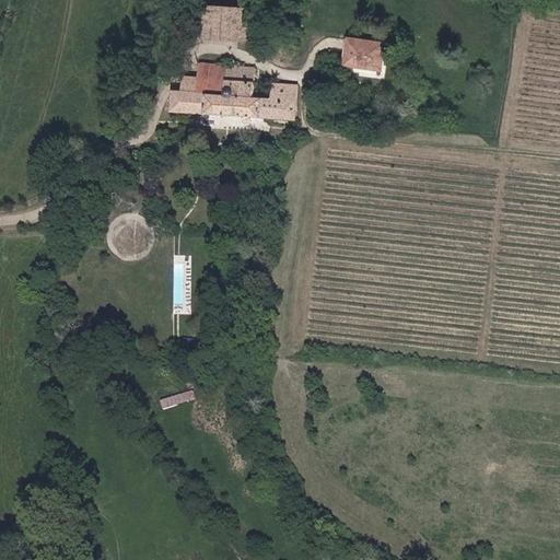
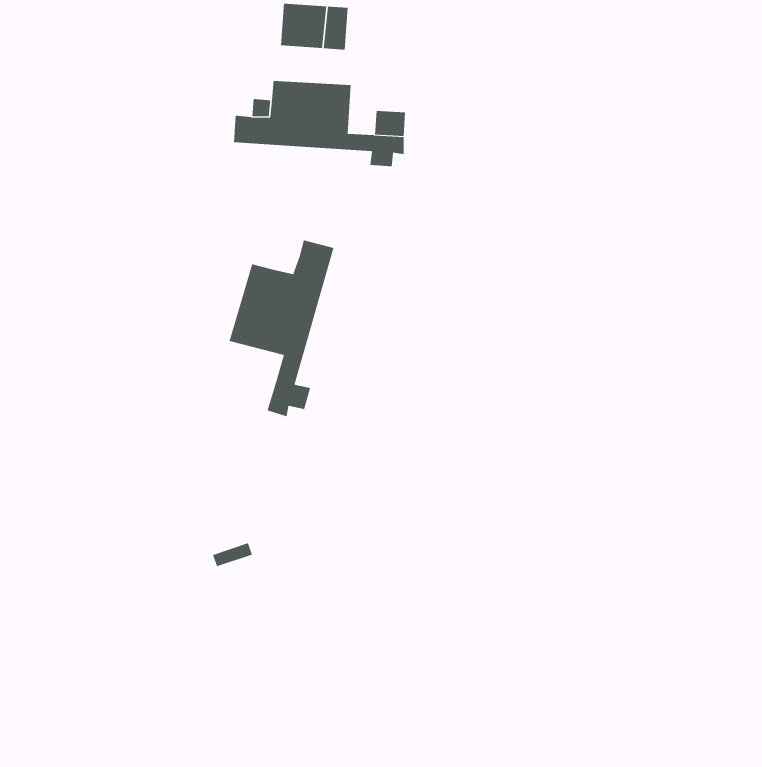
building: [342,35,374,65] -> none
building: none -> [229,239,334,417]

